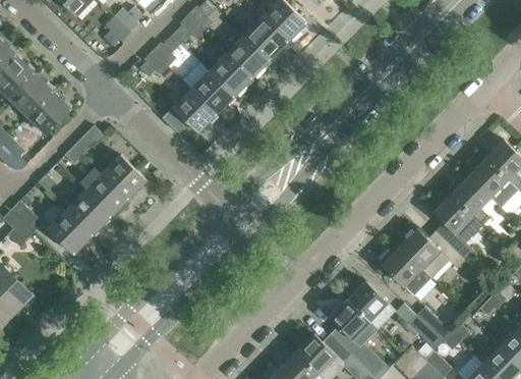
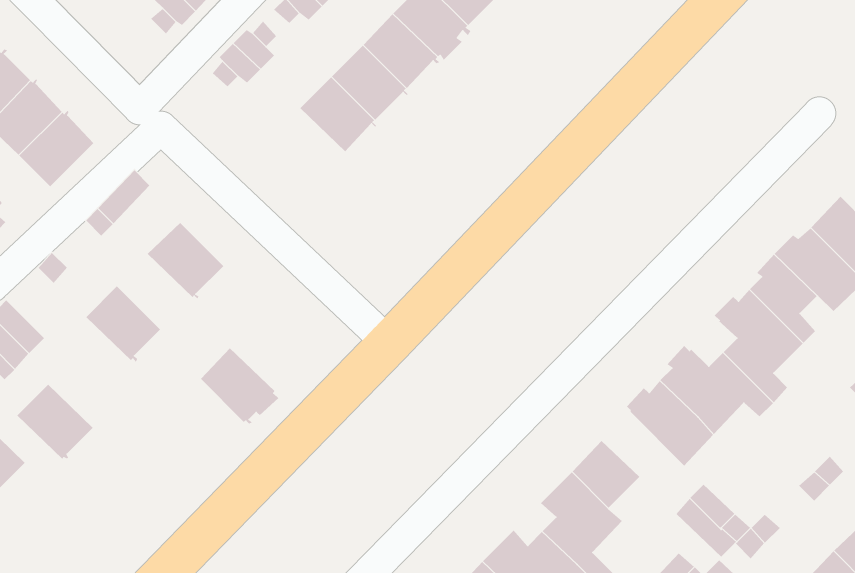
building: [172,89,218,132] -> none
building: [84,173,130,218] -> [200,347,279,425]
building: [48,210,93,254] -> [16,384,94,459]

